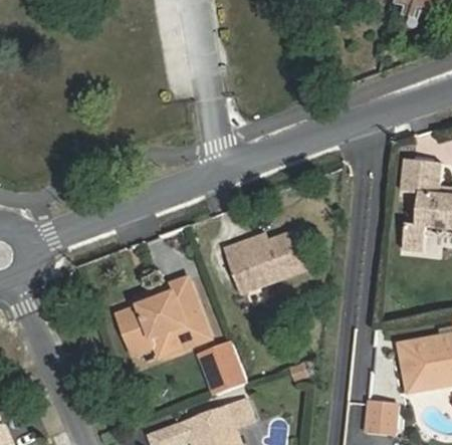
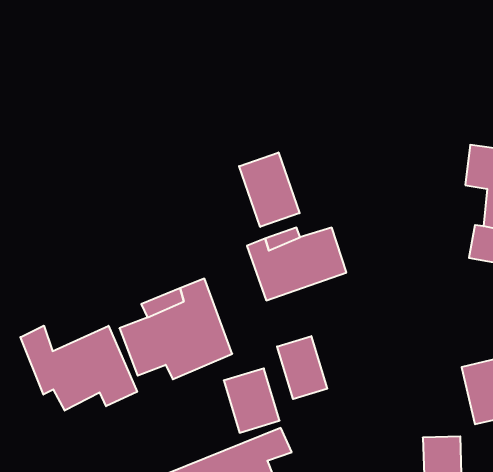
building: none -> [239,152,300,227]
building: none -> [20,326,137,411]
building: none -> [277,336,327,399]

